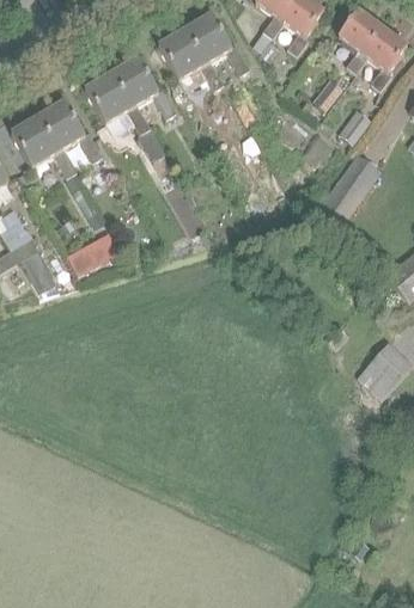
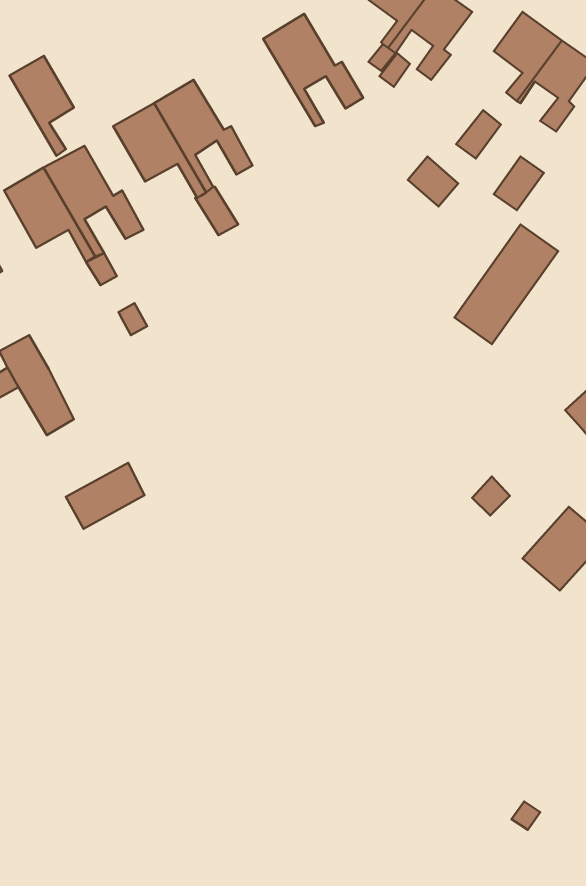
building: [157,27,218,90] -> none
building: none -> [10,56,74,156]
building: [67,231,120,275] -> [66,463,144,529]

